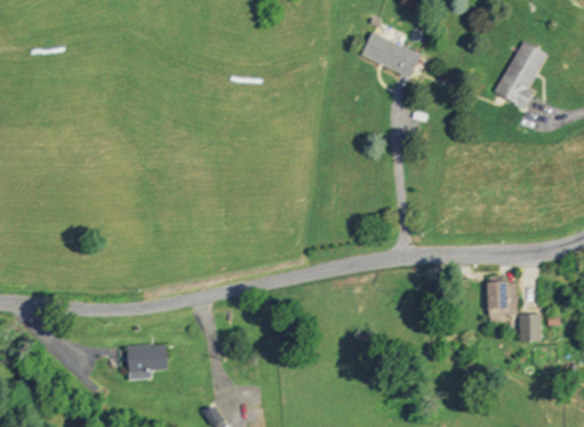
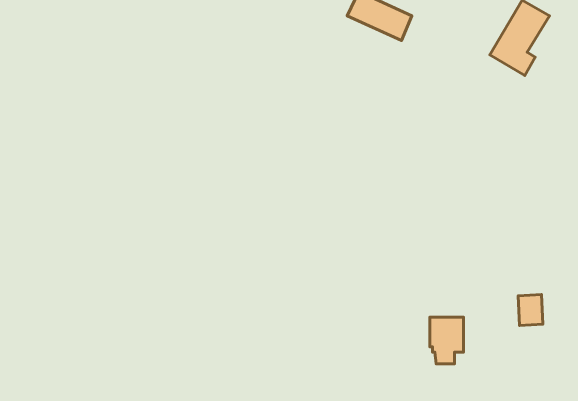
building: [485,281,517,324] -> [430,317,464,364]
building: [129,343,170,380] -> none

